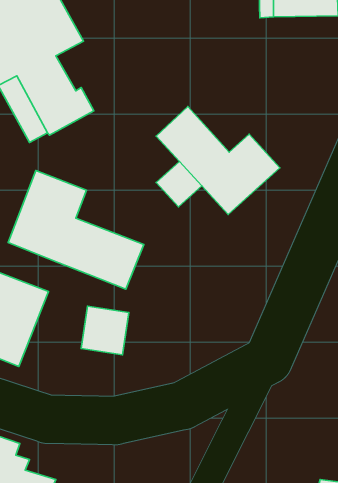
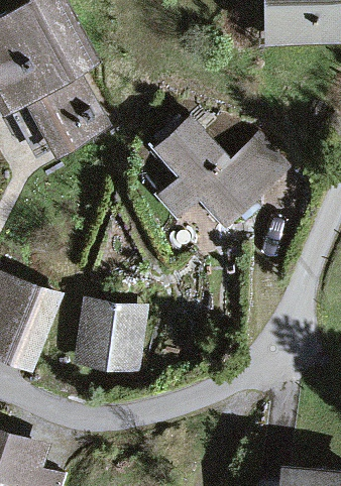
building: [8,170,144,289] -> none

